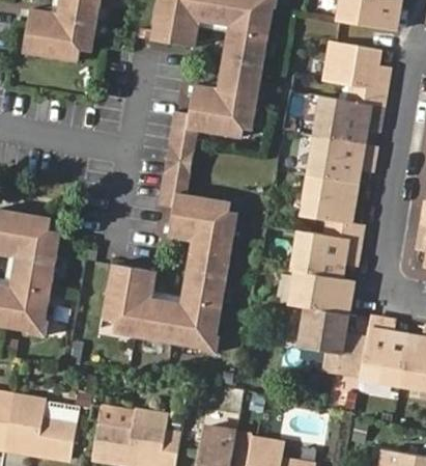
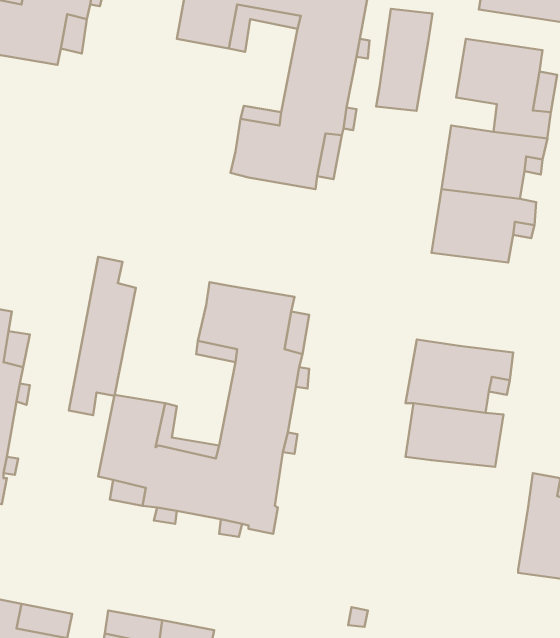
building: none -> [376,9,432,111]
building: [151,110,194,211] -> [69,257,136,415]
building: [304,177,365,241] -> none
building: [304,309,371,379] -> none

